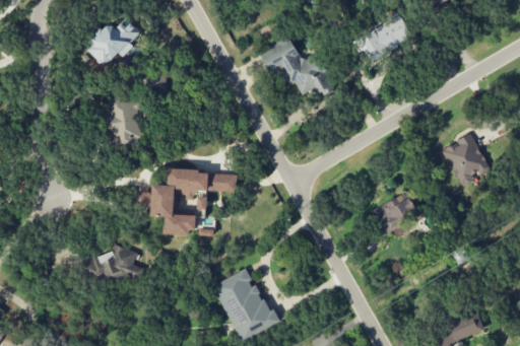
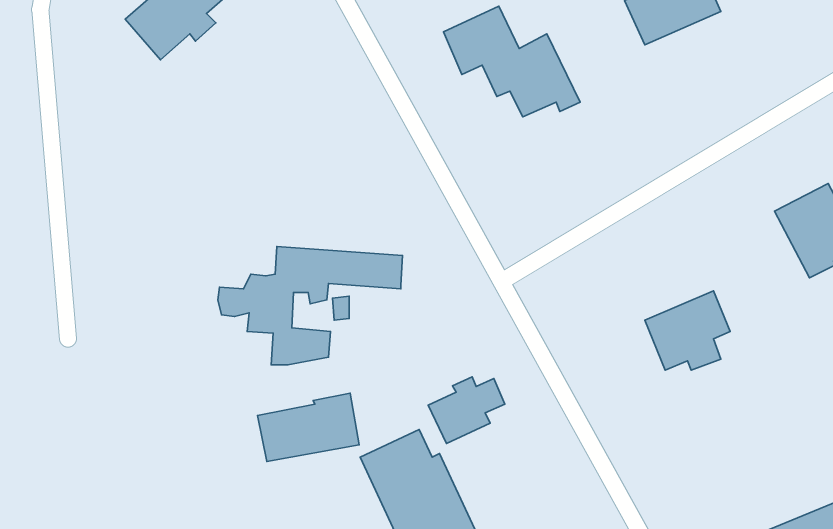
building: [110,97,141,147] -> none
building: none -> [428,377,505,444]
building: [83,247,139,284] -> [258,393,359,462]

